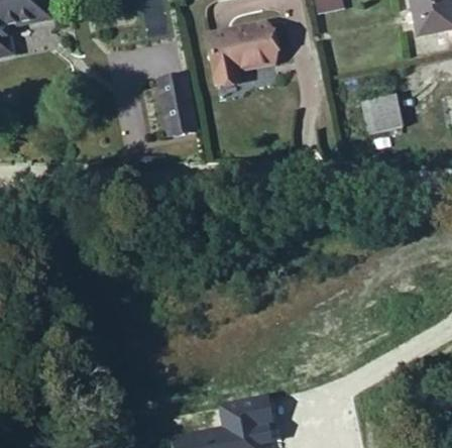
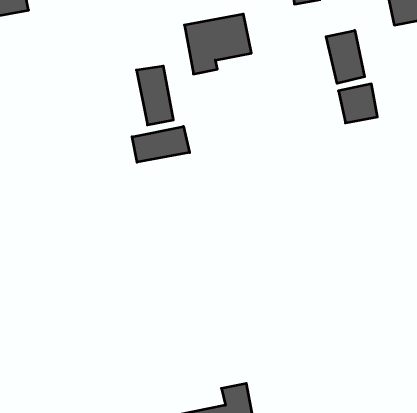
building: none -> [326,30,365,83]
building: none -> [132,126,190,162]

